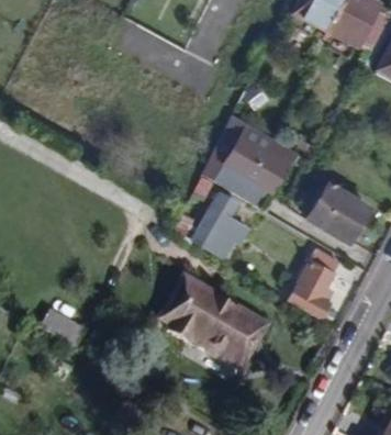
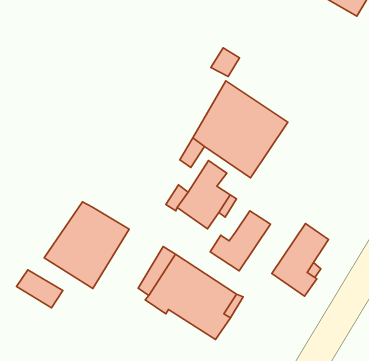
building: [309,183,367,242] -> none
building: none -> [210,211,271,271]
building: none -> [44,202,129,289]

